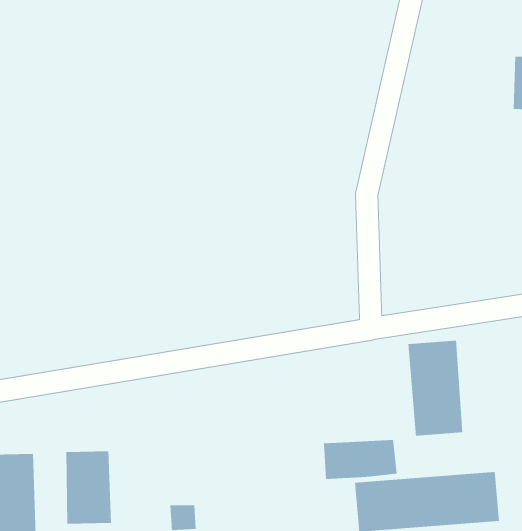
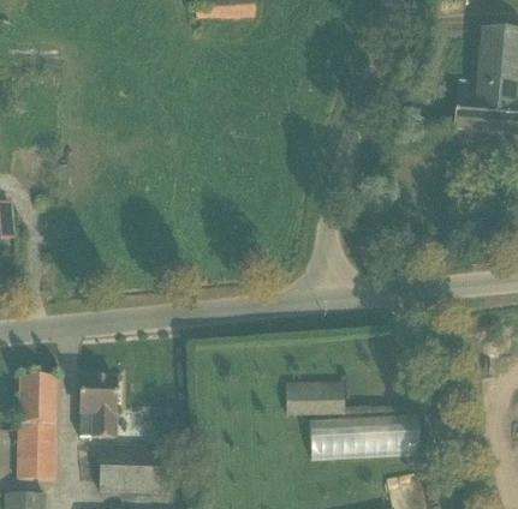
building: [408,340,463,437] -> none

